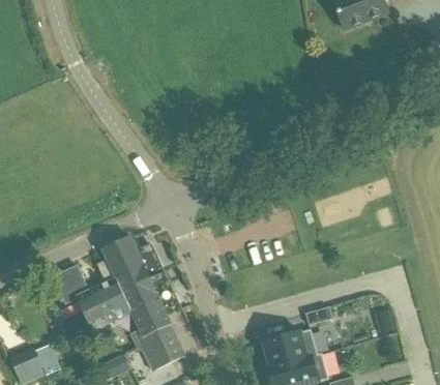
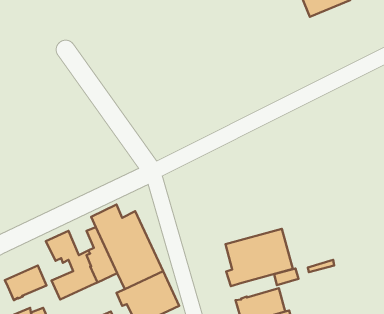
building: none -> [226,229,293,286]
building: none -> [5,266,47,300]

